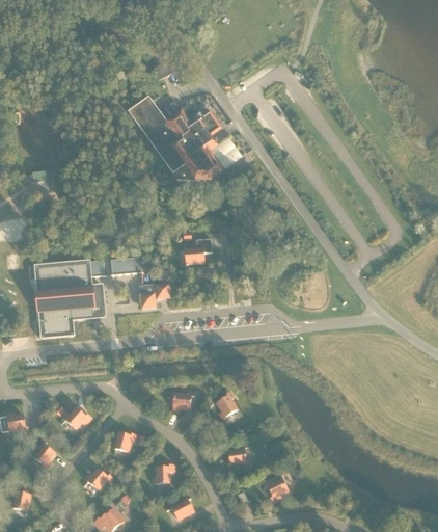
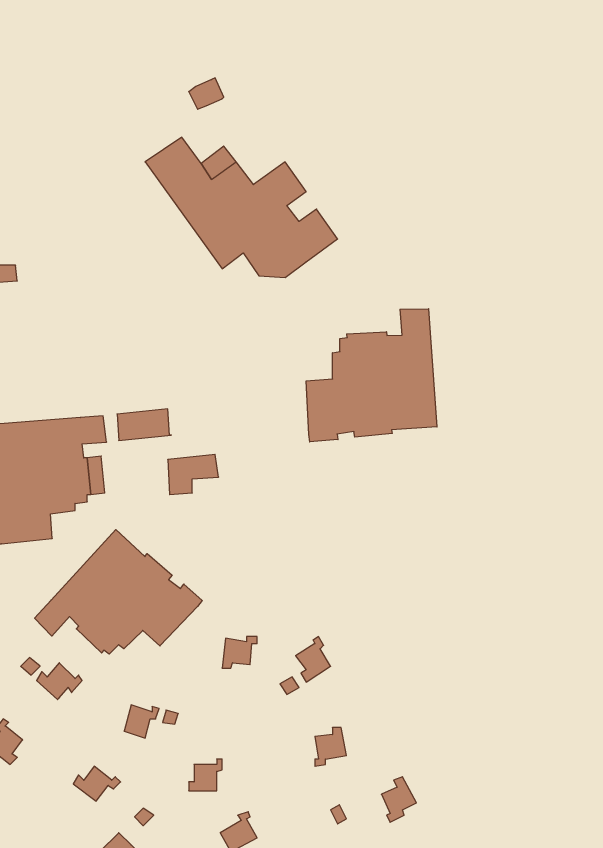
building: none -> [306,309,437,442]
building: [186,239,212,264] -> none
building: none -> [35,530,202,654]

